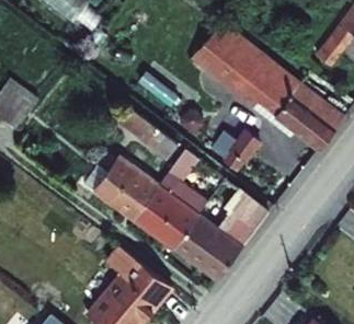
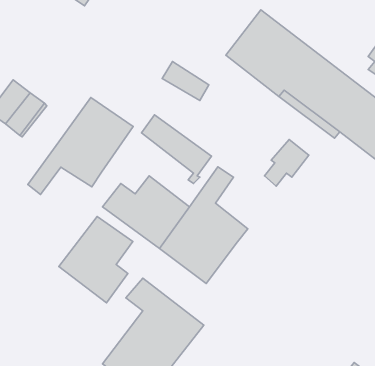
building: none -> [28,97,133,195]
building: [176,192,271,280] -> none
building: none -> [59,217,133,303]

